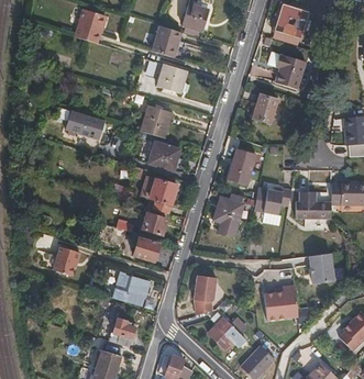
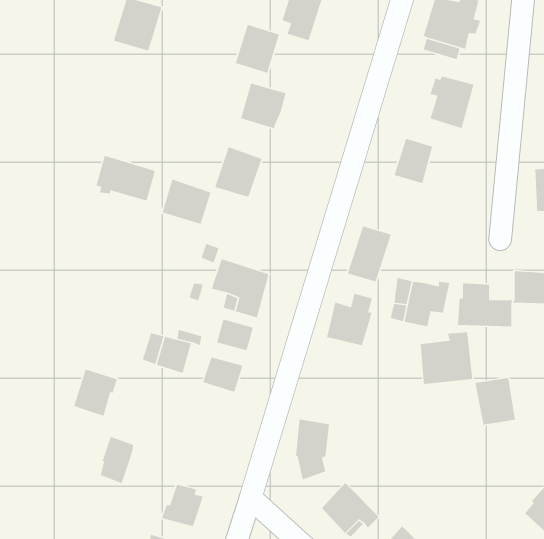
building: [146,141,178,170] -> [162,178,212,225]
building: [125,275,147,305] -> [100,436,134,484]
building: [264,286,298,320] -> [420,331,473,385]

